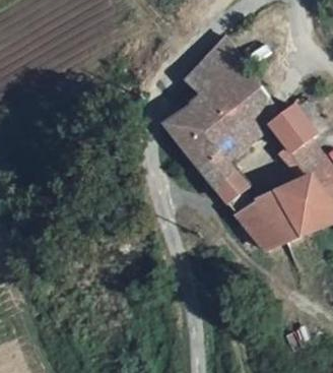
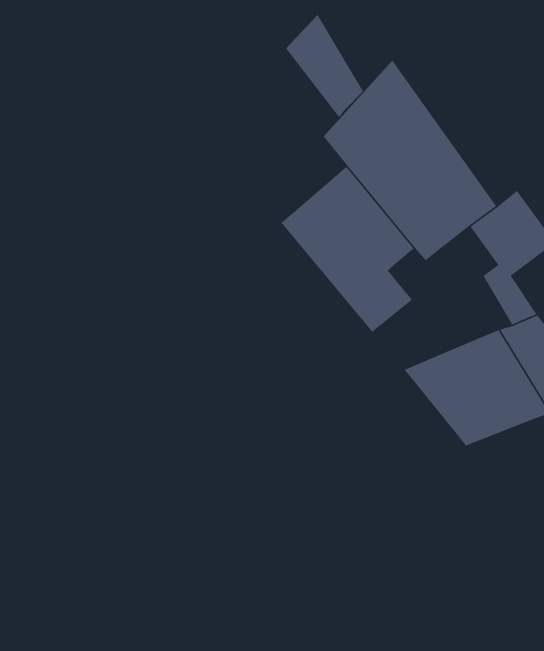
building: none -> [285,14,364,119]
building: [213,169,257,207] -> none

